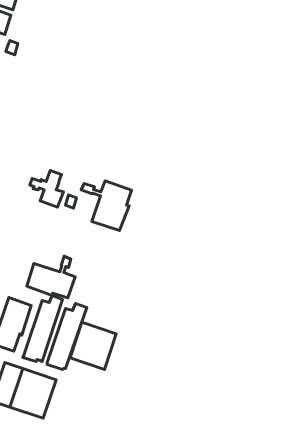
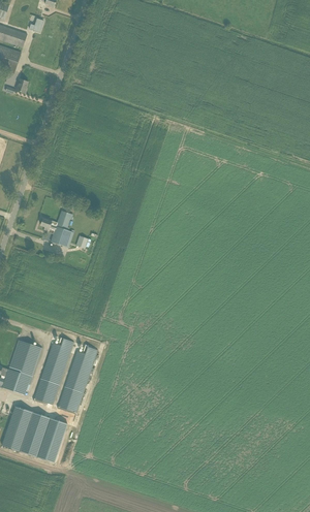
building: [81,181,131,231] -> none
building: [27,256,75,298] -> none
building: [70,322,116,369] -> none

